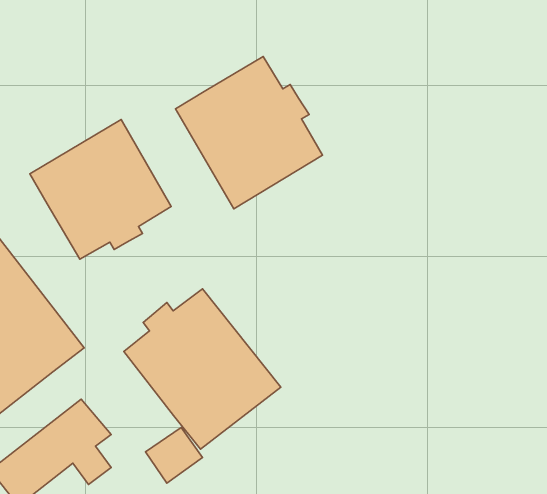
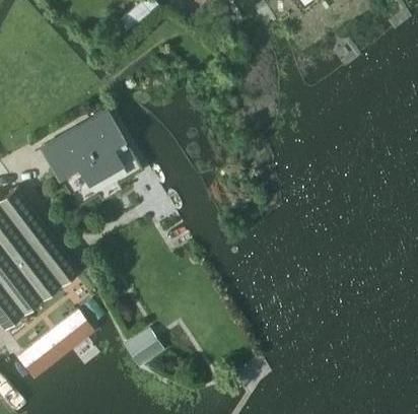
building: [175,57,322,209] -> none
building: [124,289,281,449] -> none

